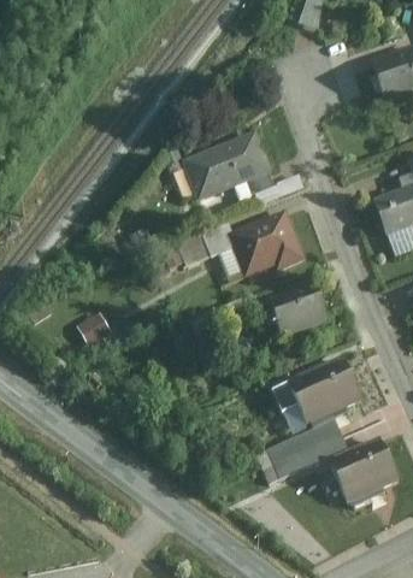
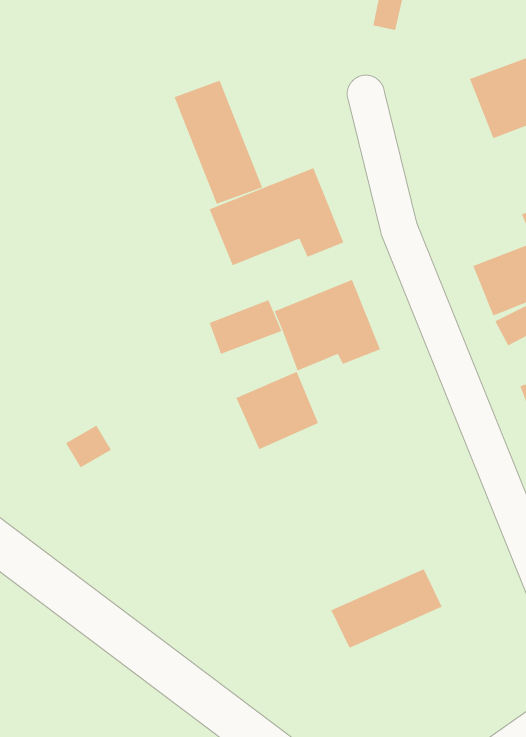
building: none -> [174,80,263,205]
building: [265,283,325,340] -> [235,371,319,450]
building: [287,358,362,427] -> none
building: [326,440,400,506] -> none

